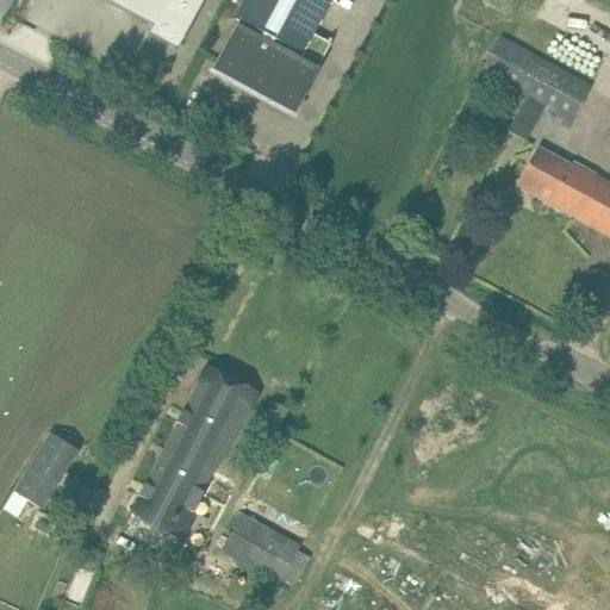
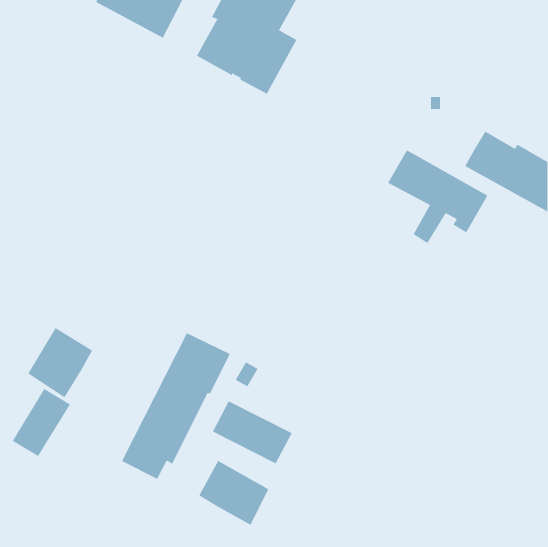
building: [479,35,591,139] -> [387,150,488,244]
building: none -> [28,327,93,398]
building: none -> [212,400,292,464]

